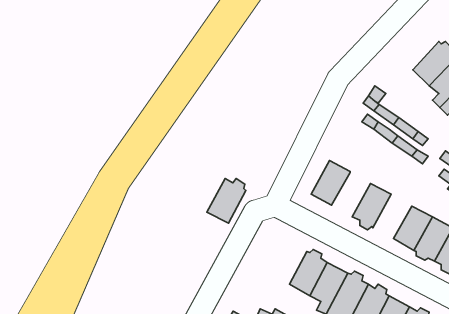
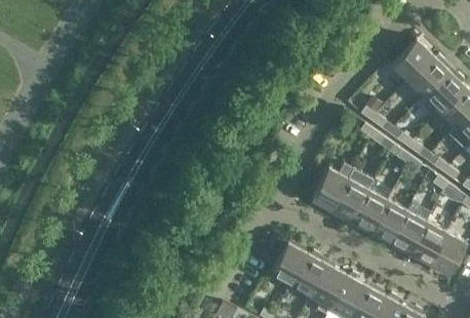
building: none -> [392,40,433,82]
building: none -> [331,170,374,222]
building: [207,179,246,223] -> [271,243,308,285]
building: none -> [370,200,407,242]

